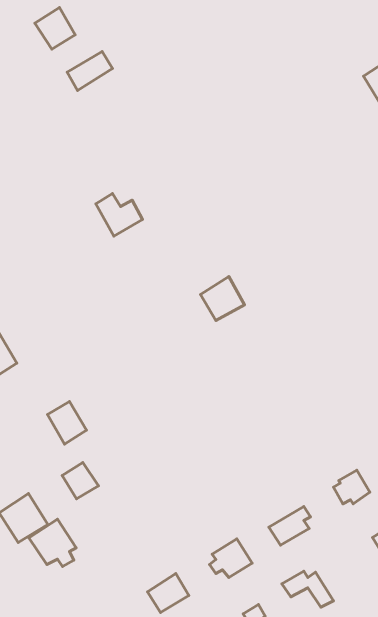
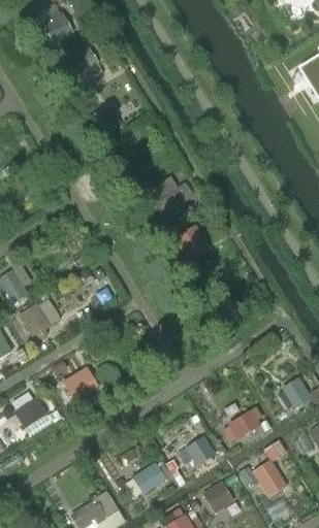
building: [96,194,142,236] -> [146,184,183,218]
building: [48,402,86,444] -> [19,304,50,338]
building: [29,519,76,567] -> none

